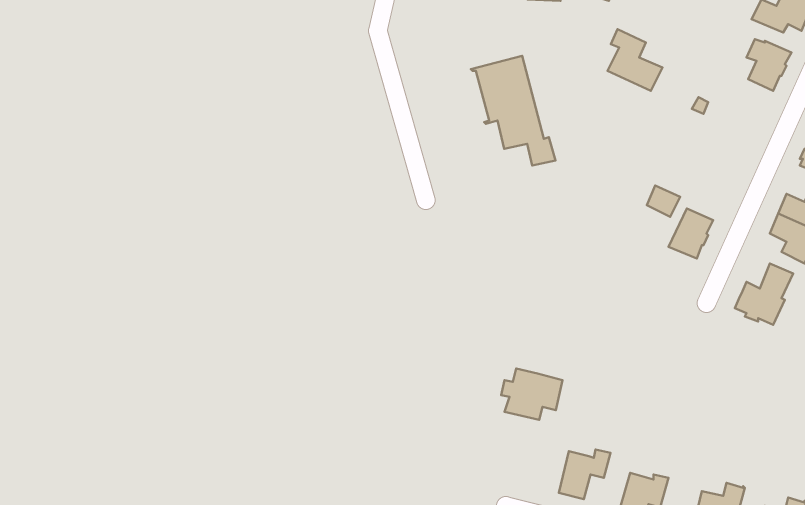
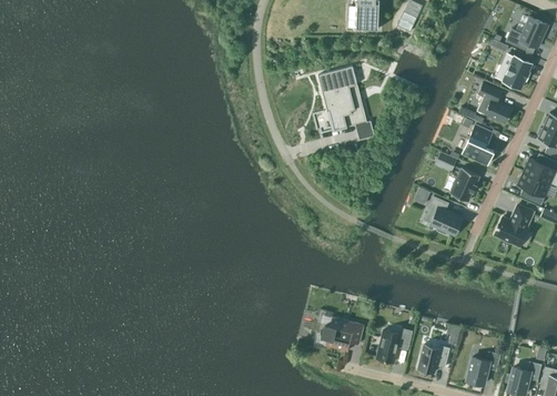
building: [608,29,662,91] -> [476,83,513,124]
building: none -> [462,125,494,165]
building: none -> [427,196,463,236]
building: [501,368,563,420] -> [322,317,363,352]

